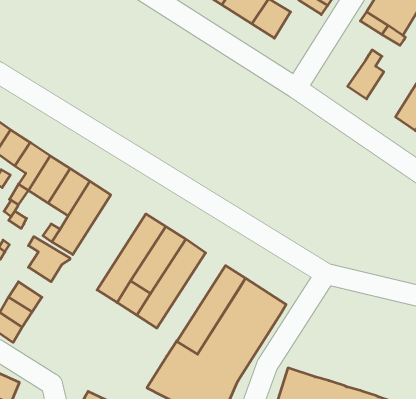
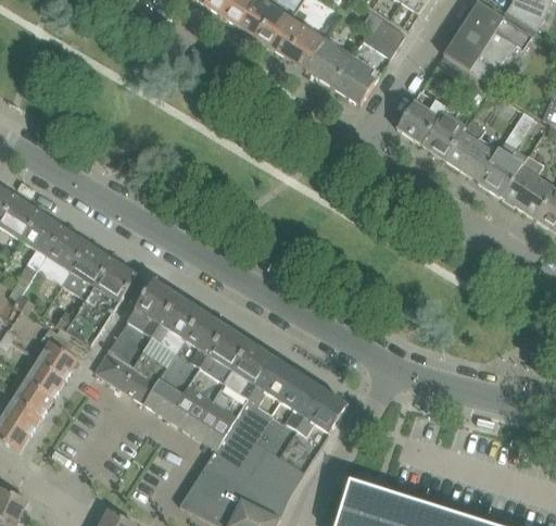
building: none -> [332,53,380,103]
building: none -> [395,89,445,142]
building: none -> [443,117,497,179]
building: none -> [94,279,178,387]
building: none -> [191,342,274,449]
building: none -> [25,360,64,396]

